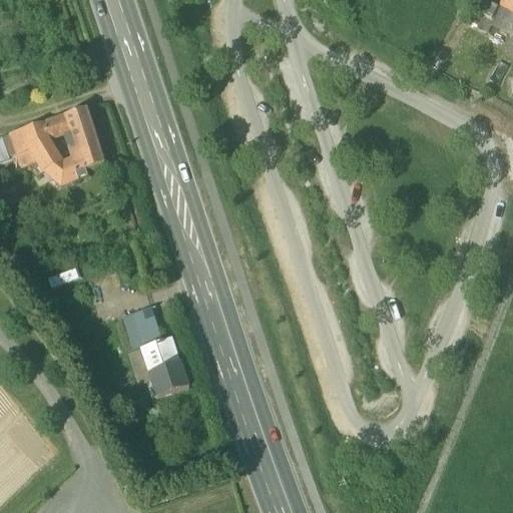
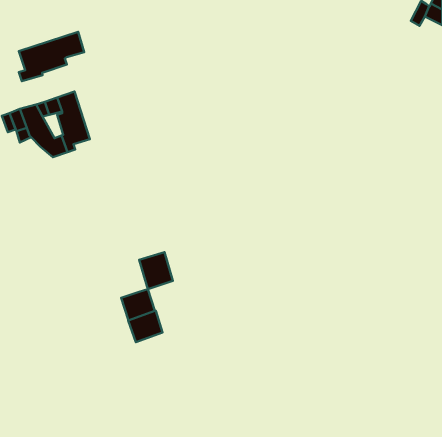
building: none -> [19,32,84,81]
building: [122,306,161,349] -> [139,252,173,289]

